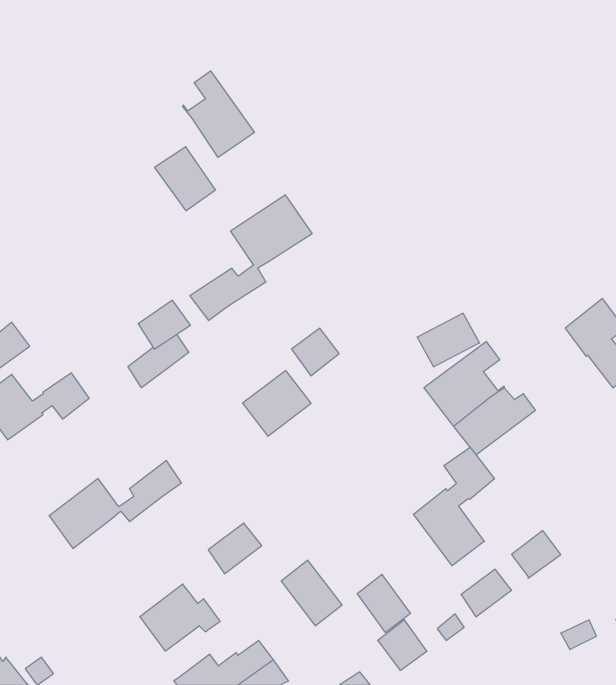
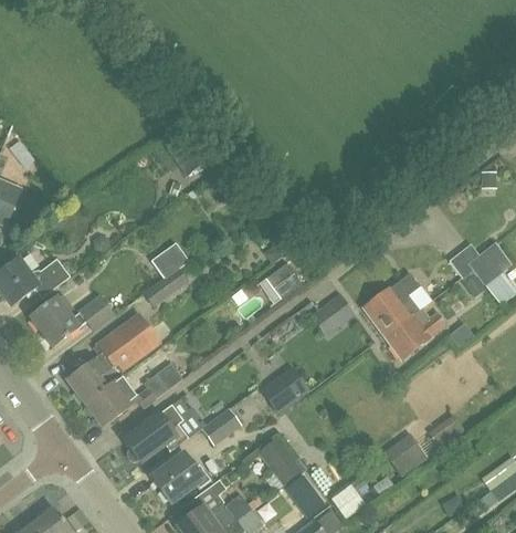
building: [183,71,254,157] -> none
building: [190,195,312,321] -> none
building: [417,313,480,367] -> [314,293,360,333]
building: [243,371,311,436] -> [259,366,309,415]
building: none -> [66,313,160,403]
building: [413,447,495,566] -> none
building: none -> [124,405,189,462]
building: [357,574,411,632] -> [284,474,324,518]

